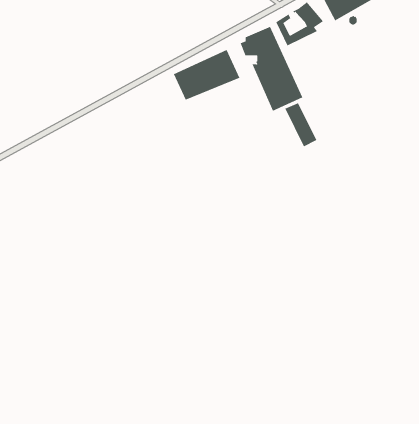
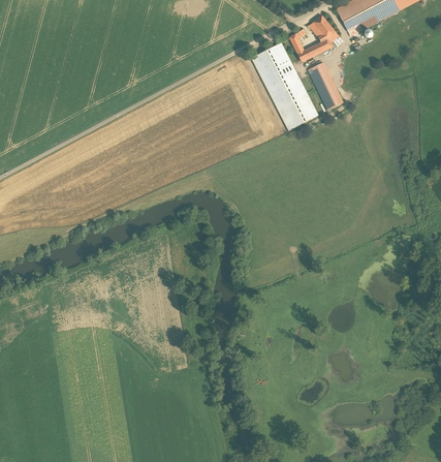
building: [173,49,240,101] -> none
building: [285,103,317,147] -> [308,63,342,110]

